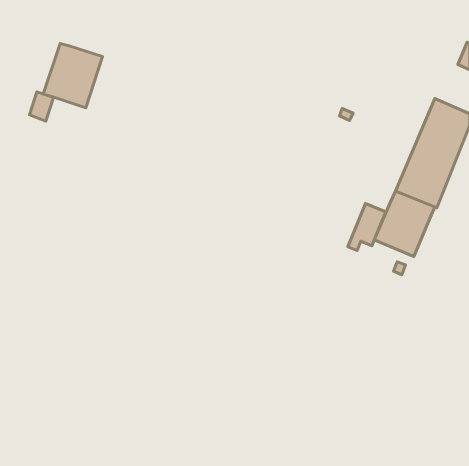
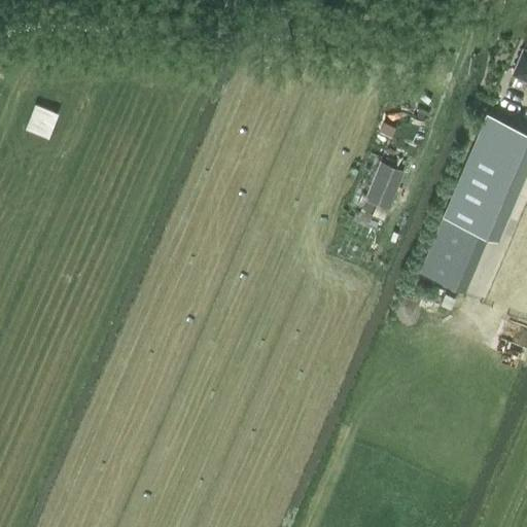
building: [43,43,103,108] -> none
building: [348,203,386,250] -> [361,167,403,219]

